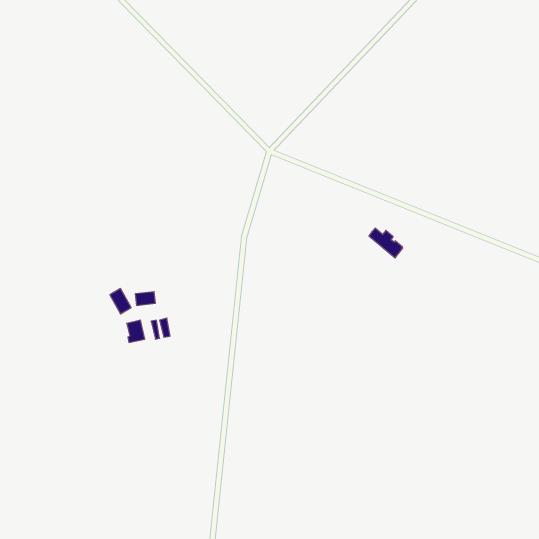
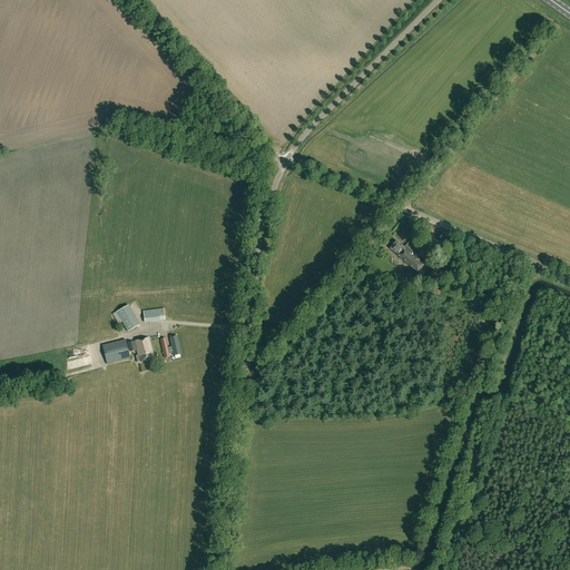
building: none -> [101,338,129,363]

